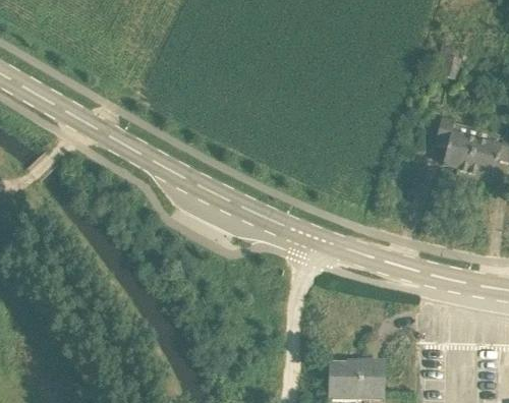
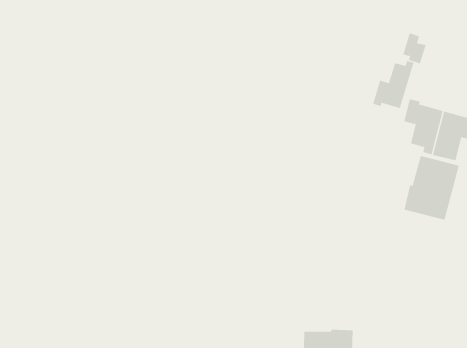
building: none -> [372,60,414,109]
building: none -> [404,155,459,221]

